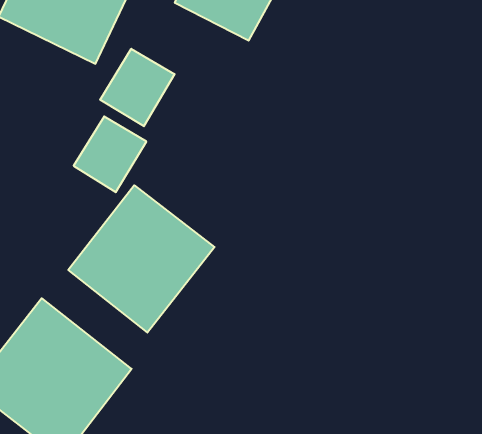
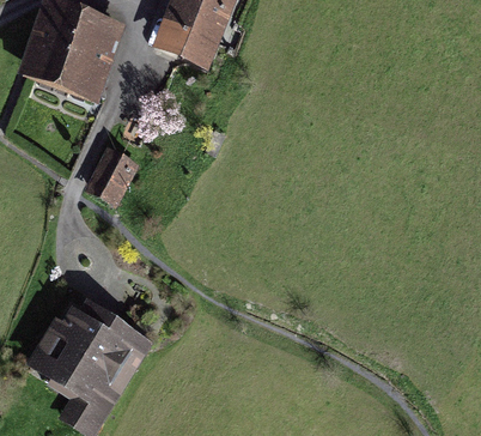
building: [100,49,175,126] -> none
building: [68,185,215,333] -> none

